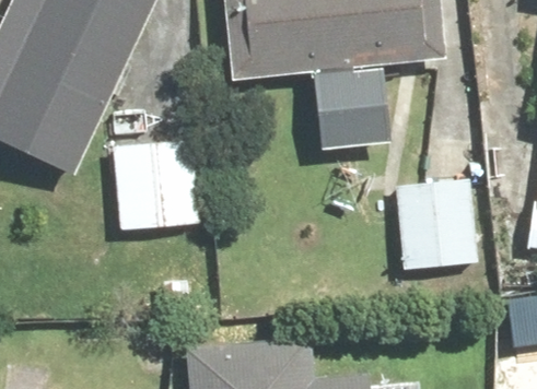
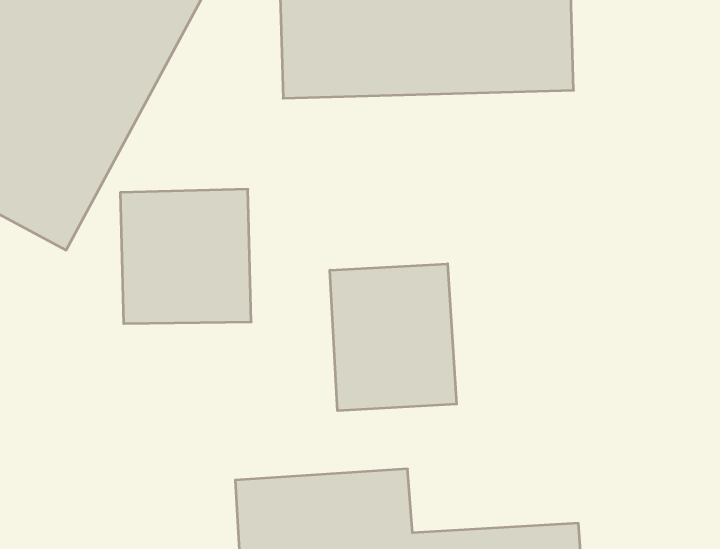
building: [394,178,479,274] -> none
building: none -> [330,264,457,411]

